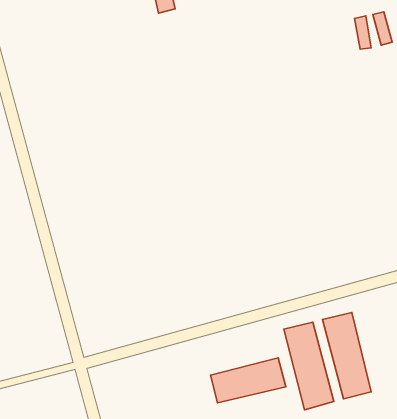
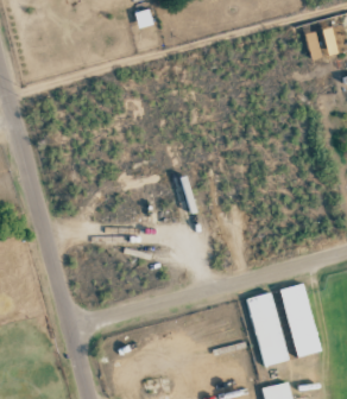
building: [211,358,286,403] -> none

